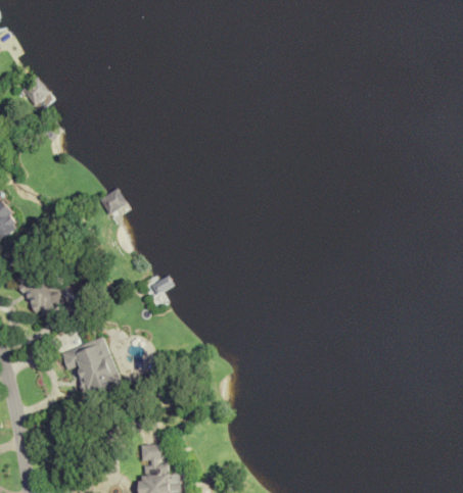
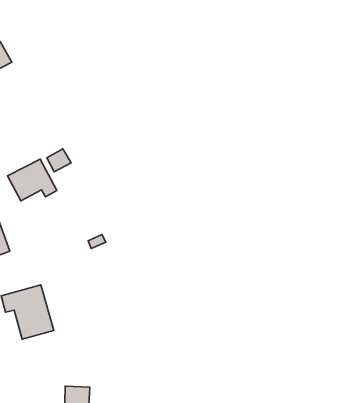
building: none -> [8,159,57,201]

